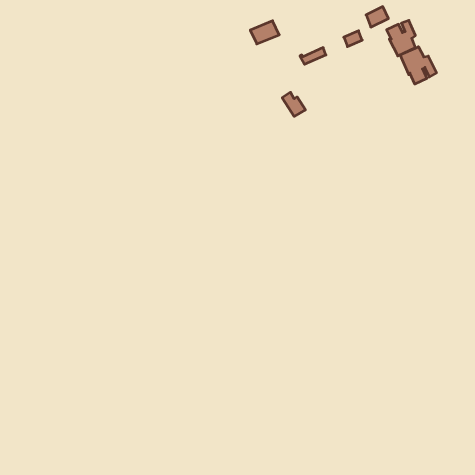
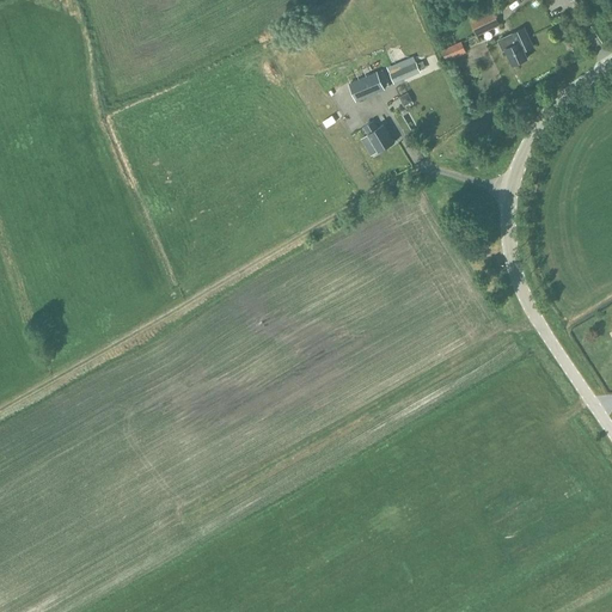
building: [250,21,279,44] -> [347,71,384,100]
building: [400,47,436,84] -> none

